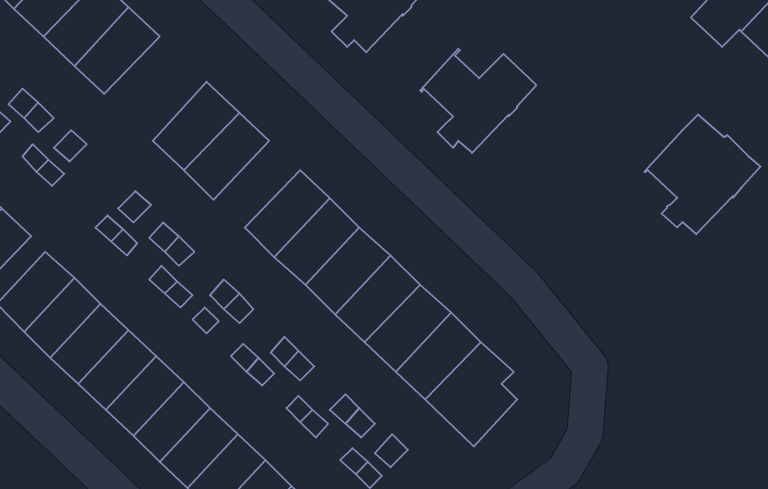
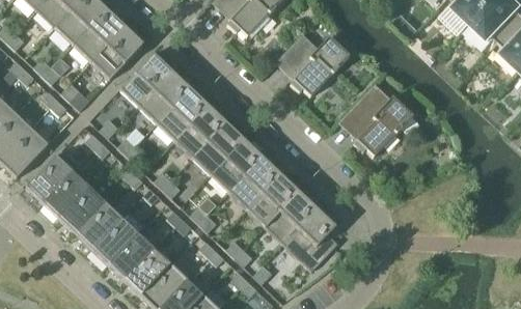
building: none -> [91,26,143,79]
building: [644,114,761,234] -> [344,84,413,156]
building: none -> [157,88,209,140]

